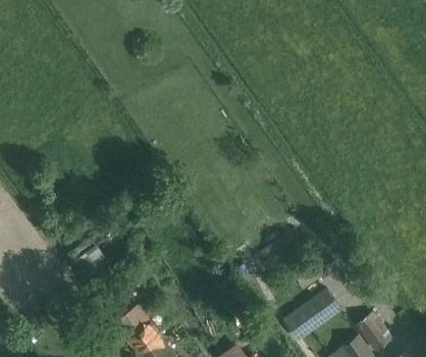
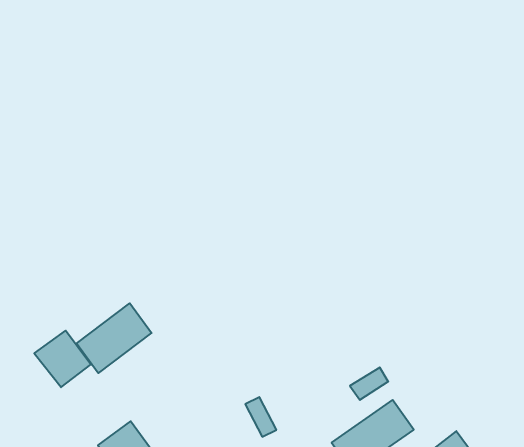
building: none -> [76,303,152,373]

